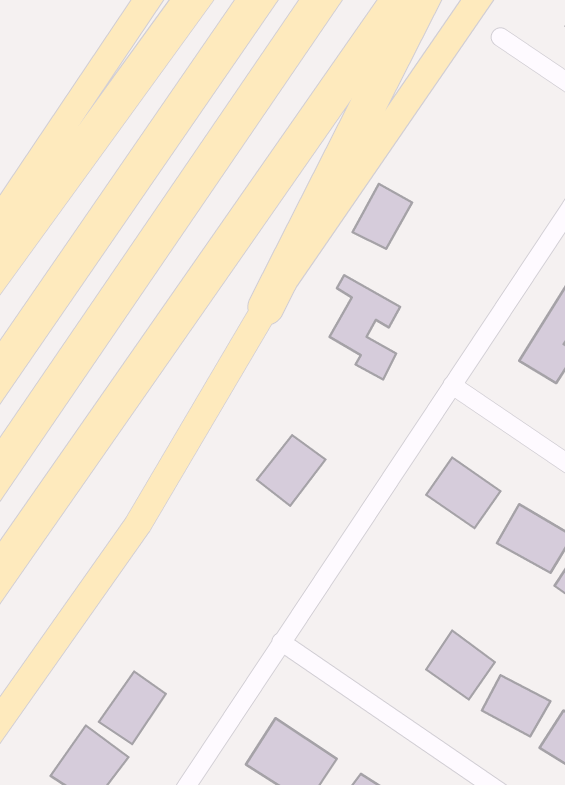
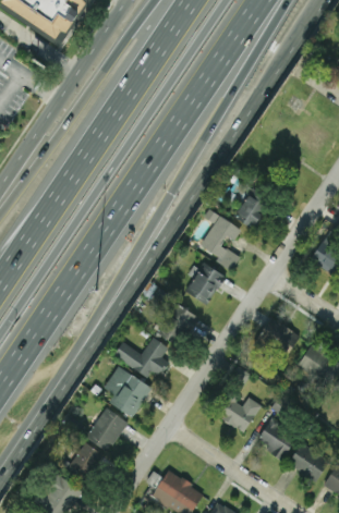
building: [353,184,412,249] -> [234,188,269,227]
building: none -> [186,262,225,304]
building: none -> [113,337,170,377]
building: none -> [104,365,152,416]
building: none -> [221,396,262,432]
building: none -> [86,406,128,451]

